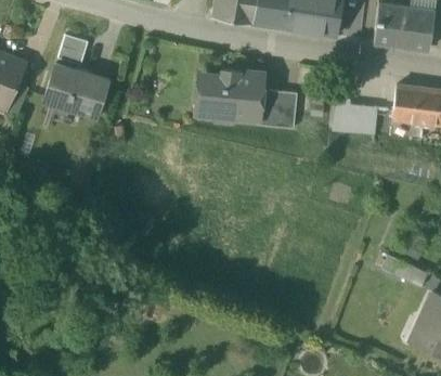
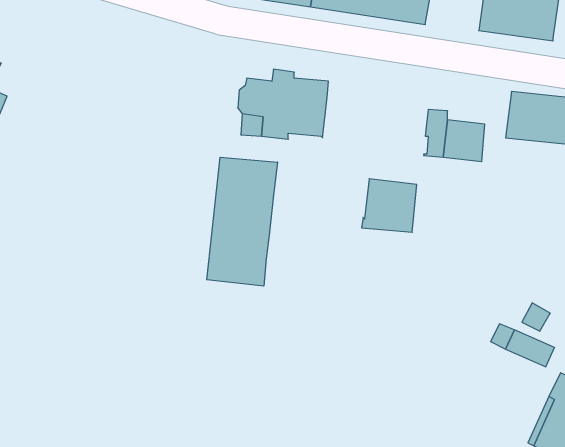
building: [57,35,88,66] -> none
building: [42,64,109,119] -> none
building: [257,90,297,129] -> [362,179,417,232]
building: none -> [207,157,277,286]

